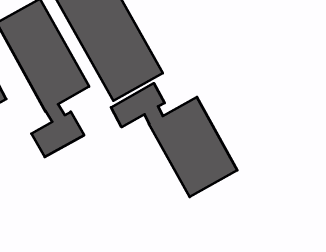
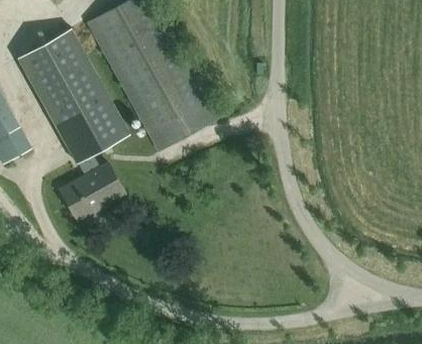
building: [111,83,237,197] -> none

